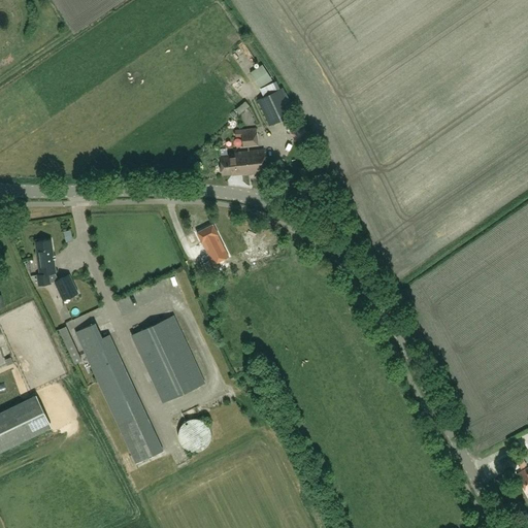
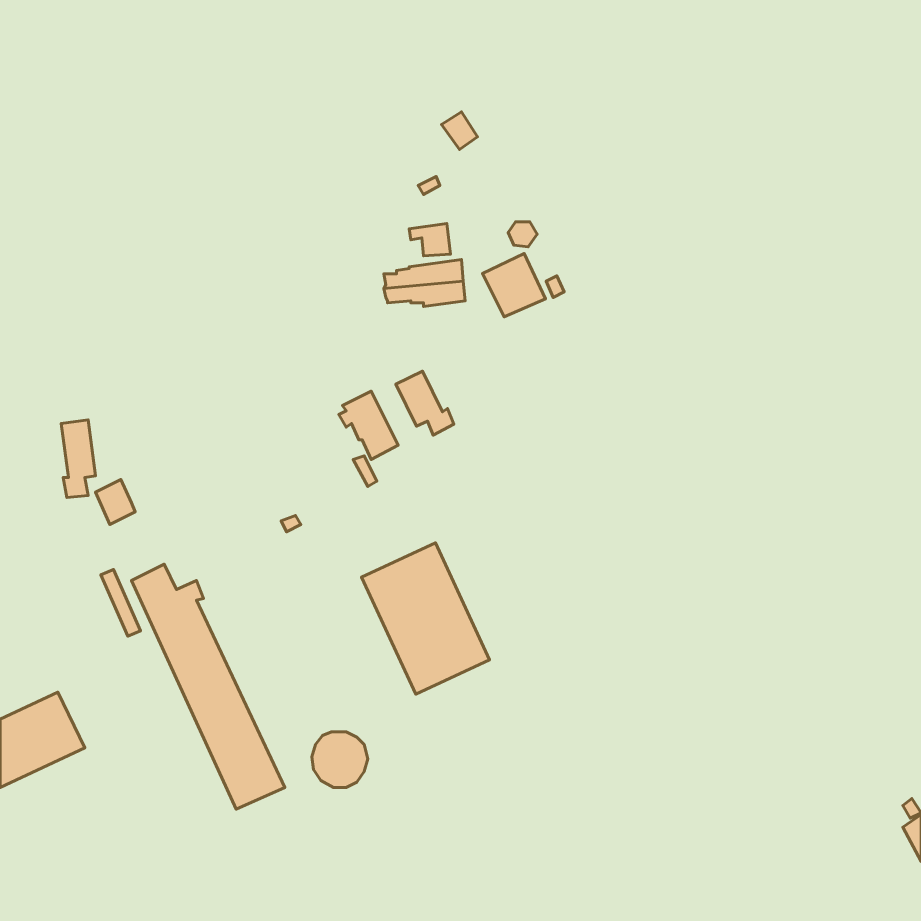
building: [257,89,293,125] -> [483,254,546,317]
building: none -> [396,371,454,435]
building: [131,316,204,402] -> [362,543,490,694]

